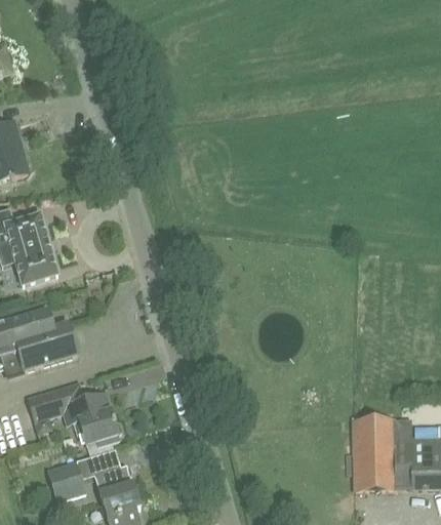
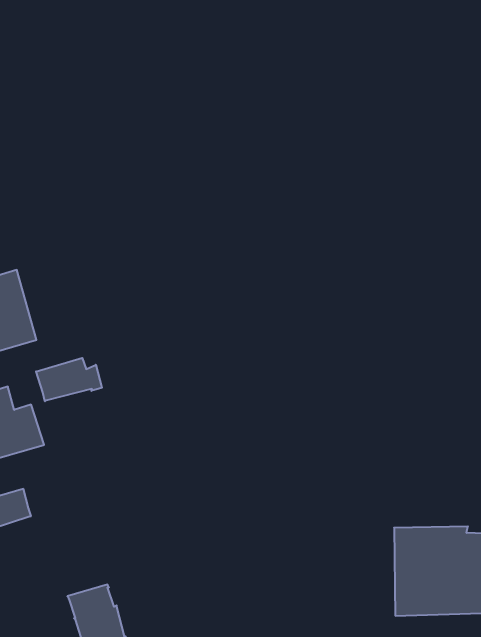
building: none -> [36,358,102,401]
building: [64,393,121,446] -> none
building: [46,459,86,500] -> none

